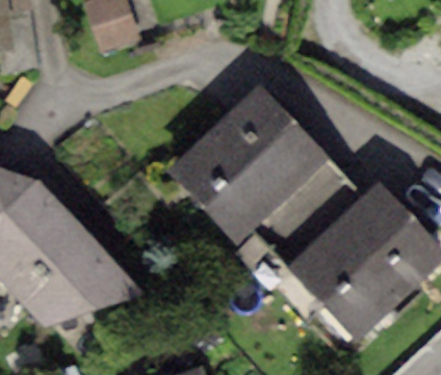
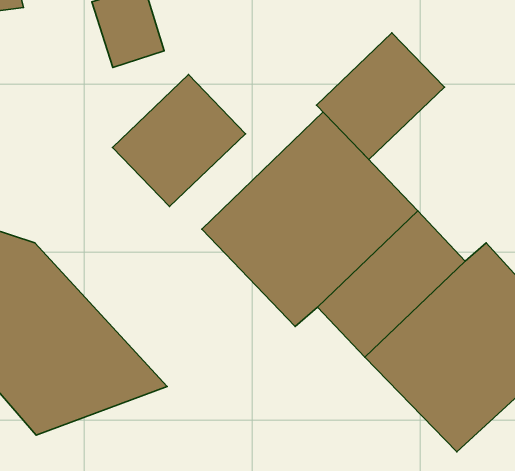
building: none -> [316,33,444,159]
building: none -> [112,75,246,207]

